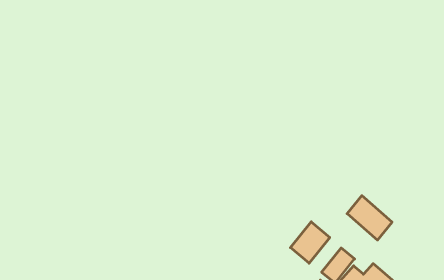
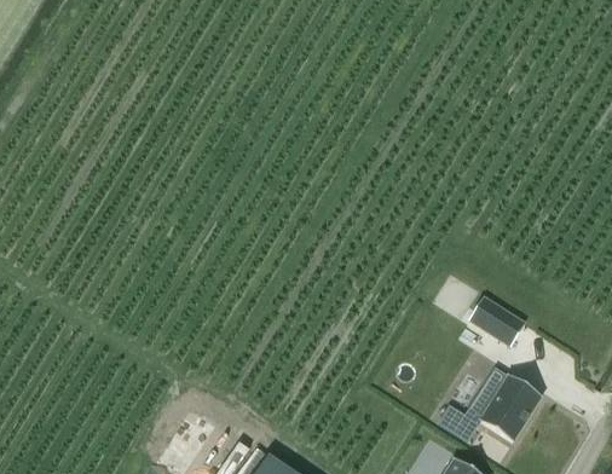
building: [290,222,330,263] -> none

